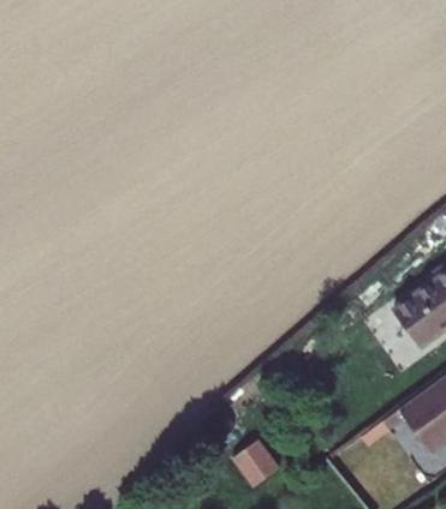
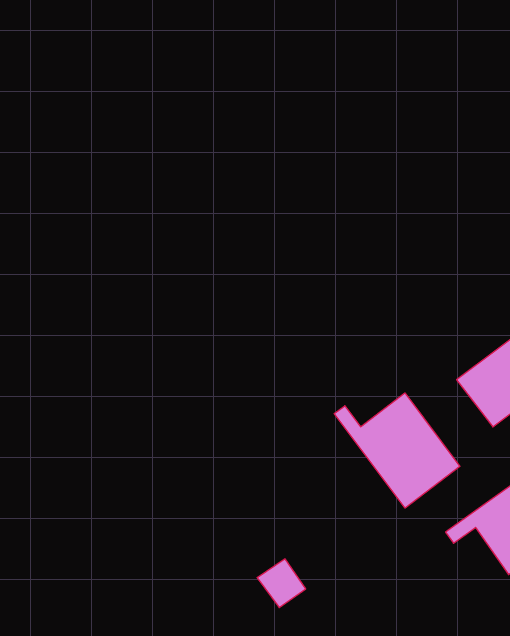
building: none -> [334,393,460,508]

